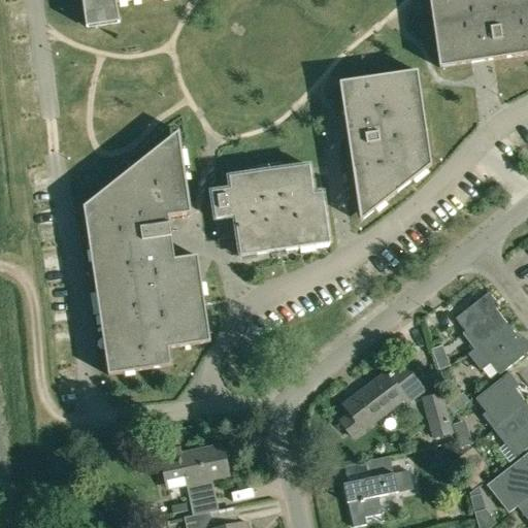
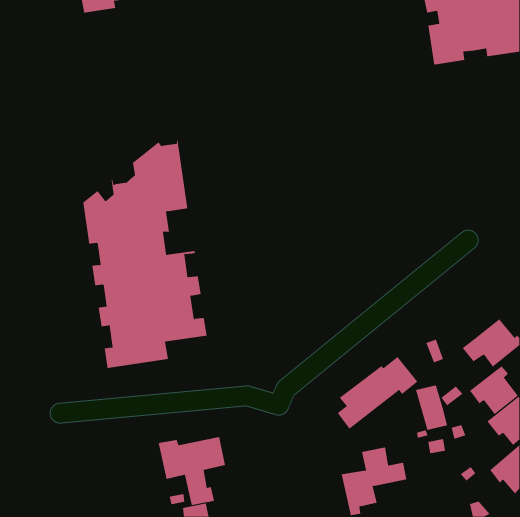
building: [339,69,431,209] -> none
building: [210,164,330,255] -> none
building: [456,291,506,342] -> none

